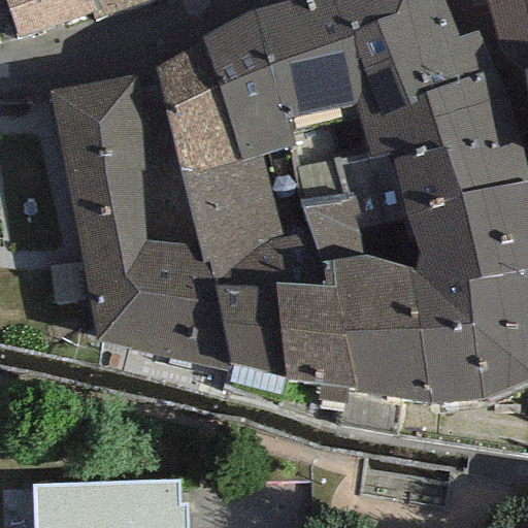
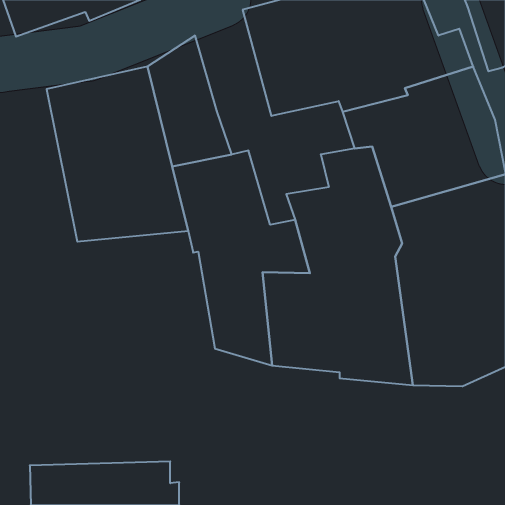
building: [204,10,294,161] -> none
building: [81,240,227,371] -> none

